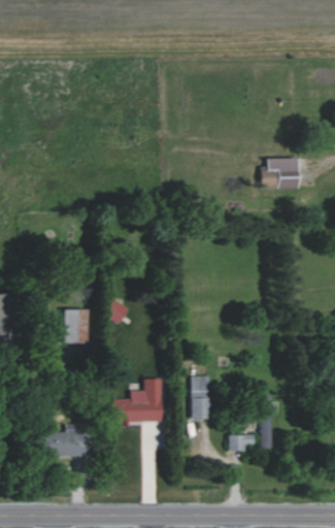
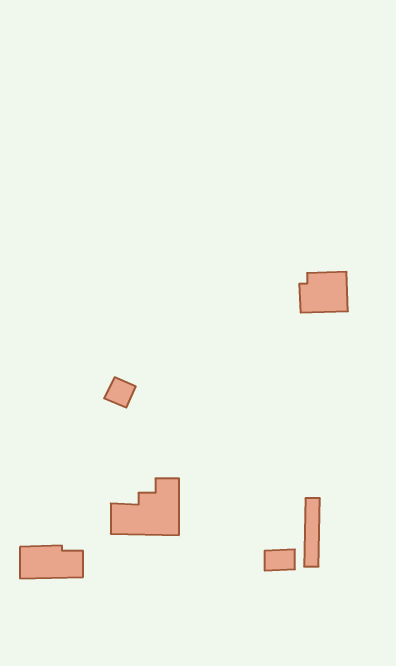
building: [261,157,299,189] -> [299,272,348,313]
building: [63,308,88,342] -> none
building: [193,375,211,418] -> none

